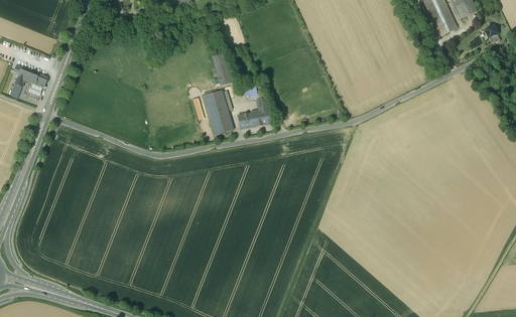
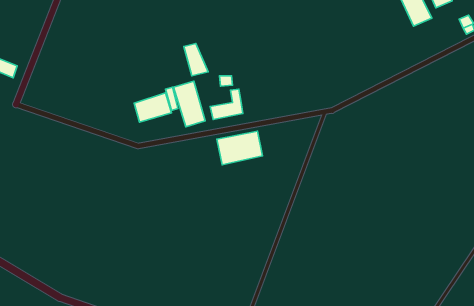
building: none -> [134,93,172,122]
building: none -> [217,131,262,165]

